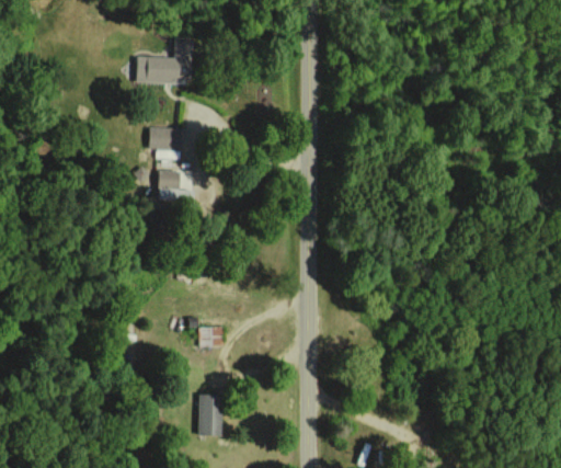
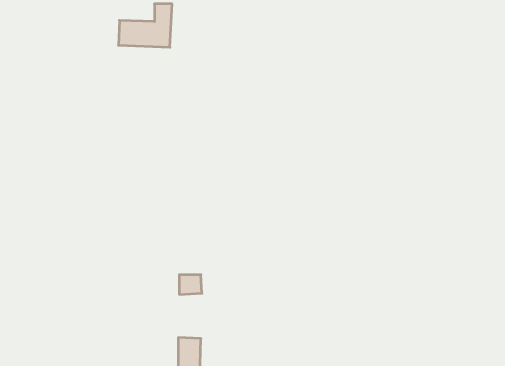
building: [149,127,181,159] -> none
building: [158,170,192,198] -> none

